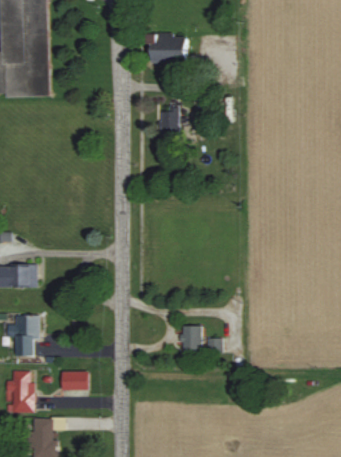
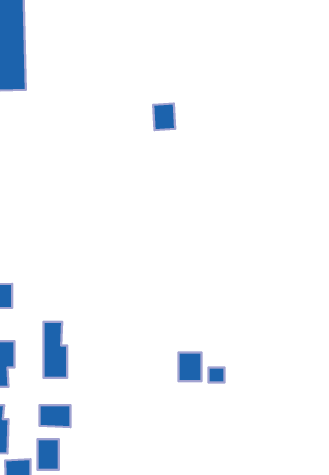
building: [150,34,189,62] -> none
building: none -> [43,322,67,378]
building: none -> [38,439,59,470]

